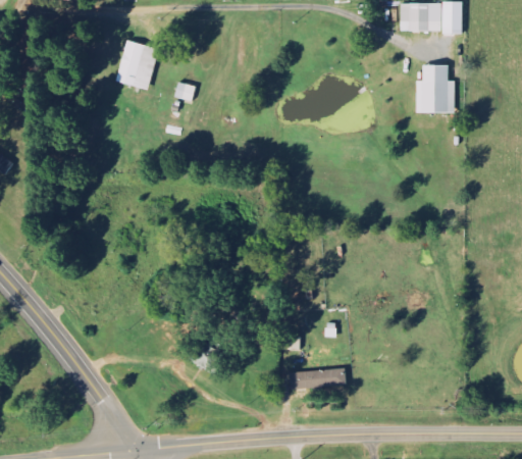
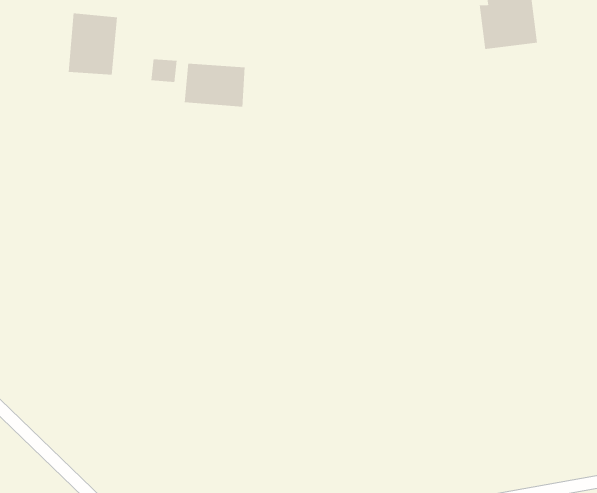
building: none -> [184,63,245,107]
building: [290,369,345,389] -> none

